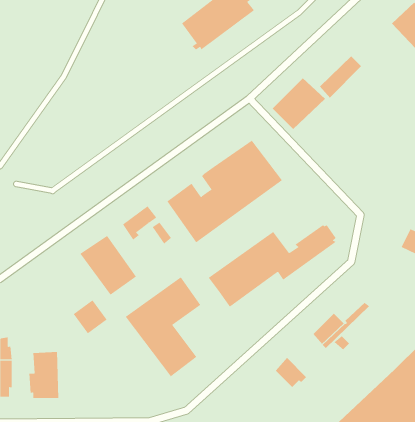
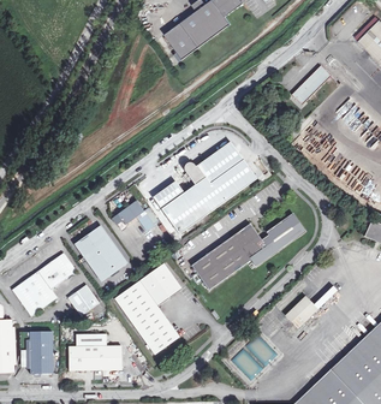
building: [272,77,326,130] -> none
building: none -> [12,252,76,316]
building: none -> [69,333,121,370]

